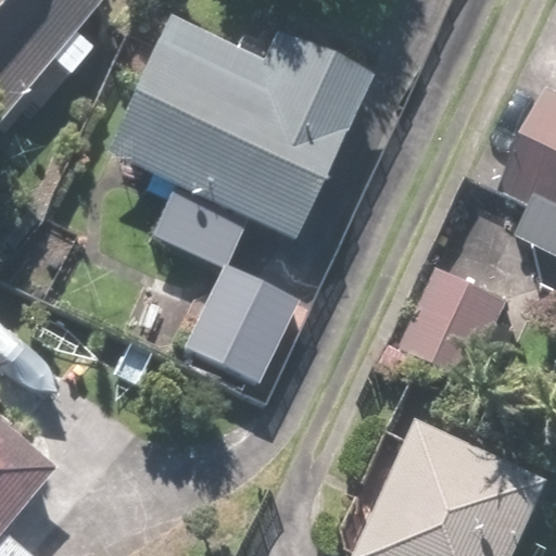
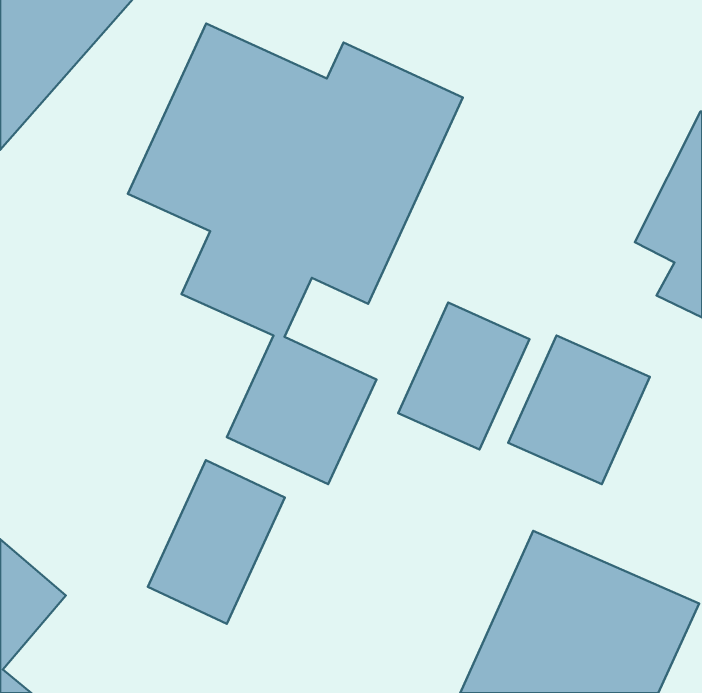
building: none -> [398,303,530,450]
building: none -> [148,460,285,624]

